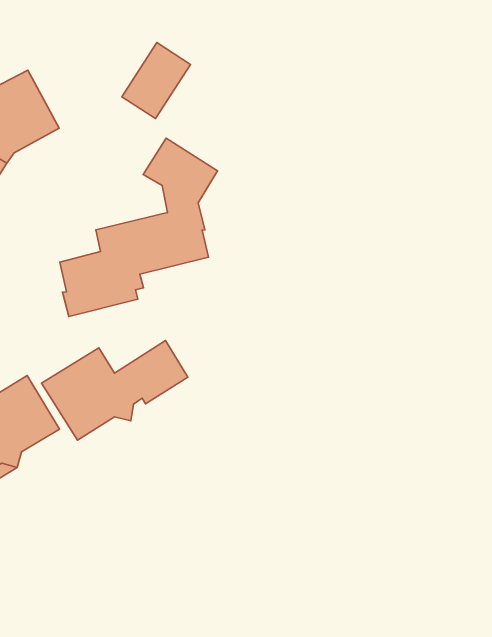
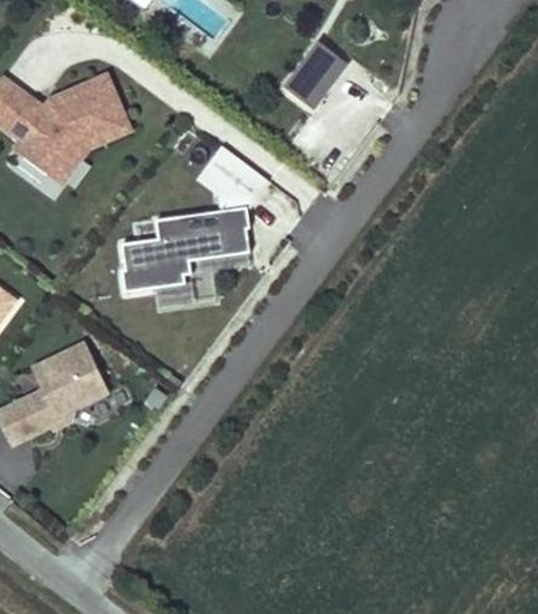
building: [122,43,191,119] -> [284,43,346,109]
building: [42,340,188,440] -> none

